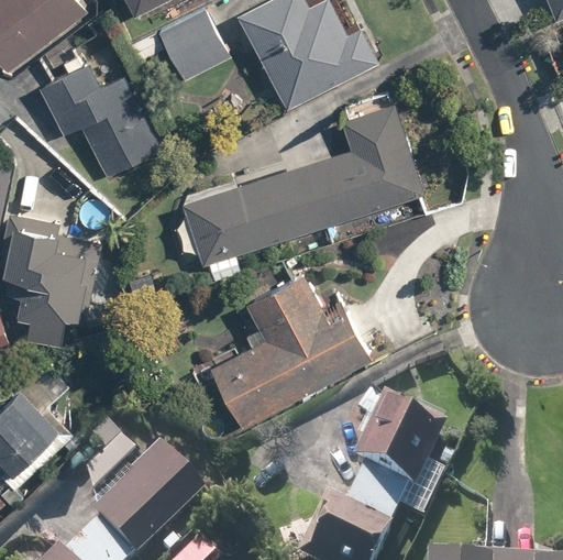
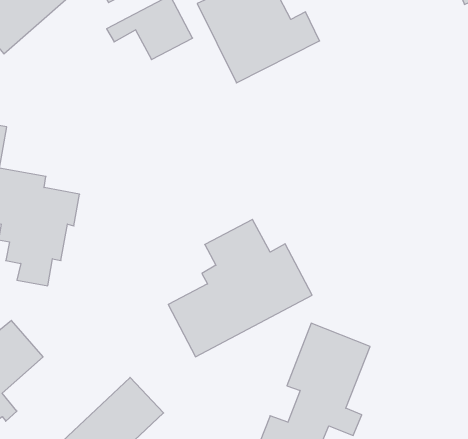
building: [38,46,161,175] -> none
building: [180,102,424,285] -> none

